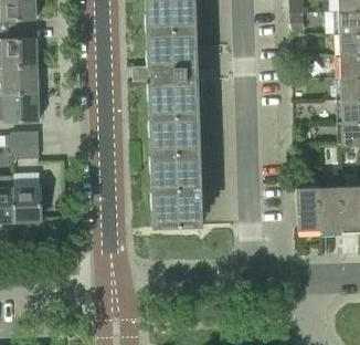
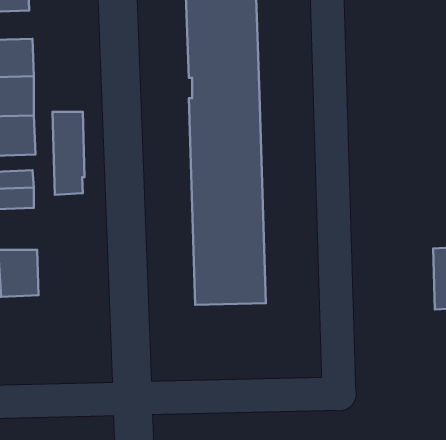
building: none -> [52,112,85,195]
building: [296,187,321,231] -> none

